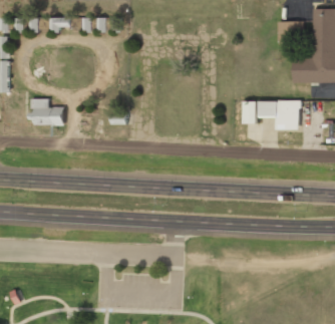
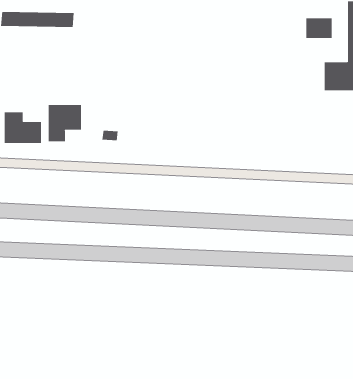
building: none -> [48,104,82,142]
building: [243,100,299,130] -> none

